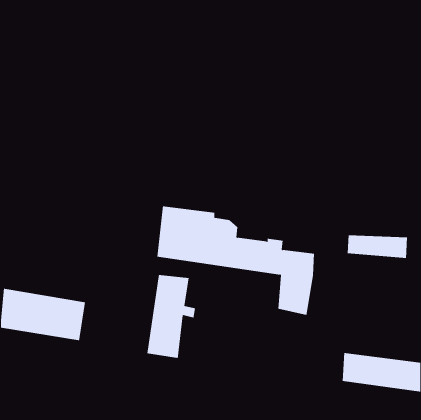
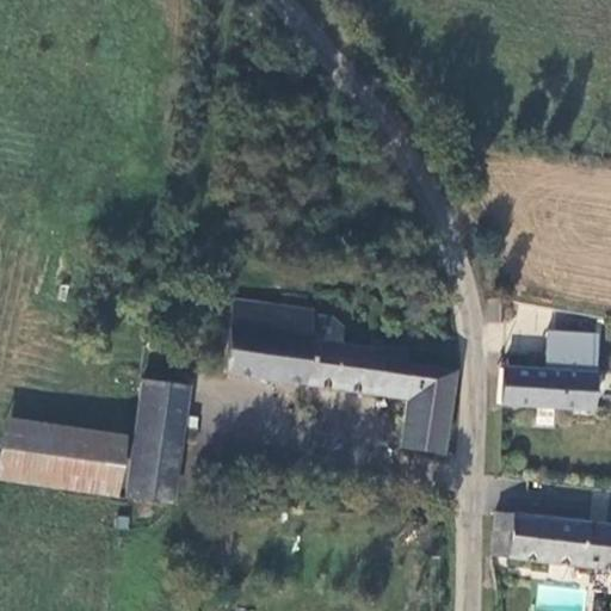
building: none -> [501,368,590,411]
building: [147,274,196,358] -> [128,379,199,501]

